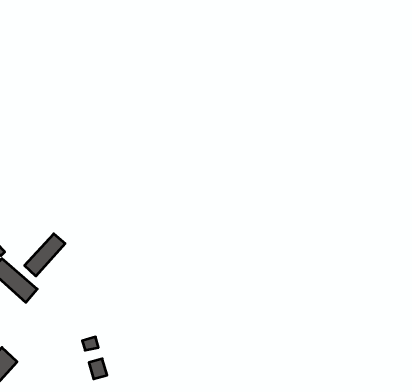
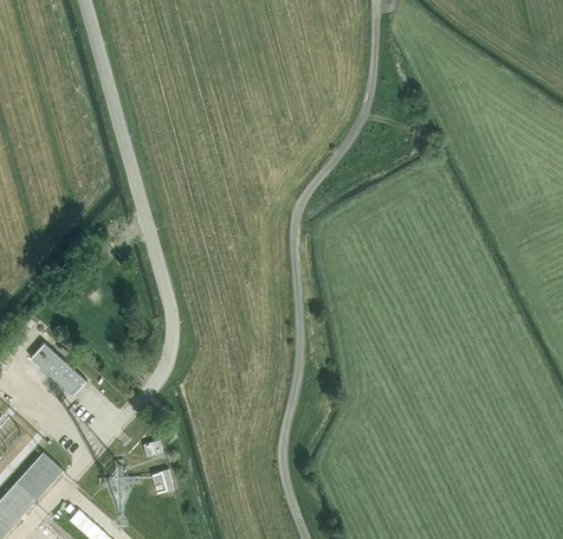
building: [25,234,65,276] -> none

